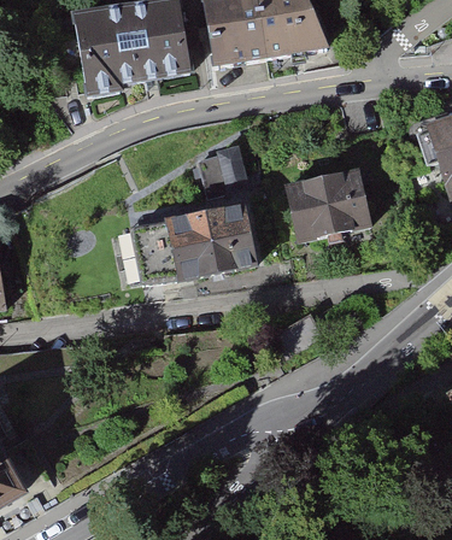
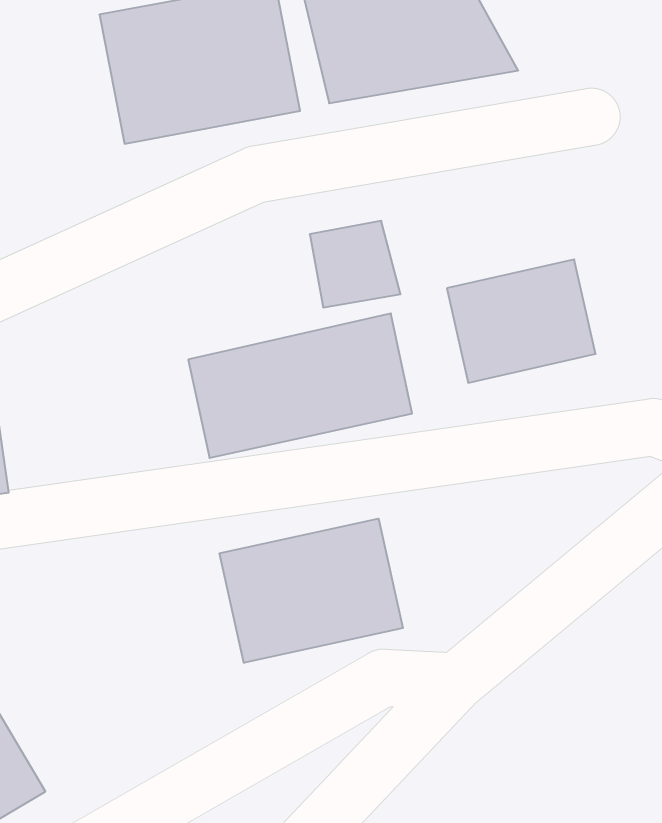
building: none -> [220,519,403,663]

